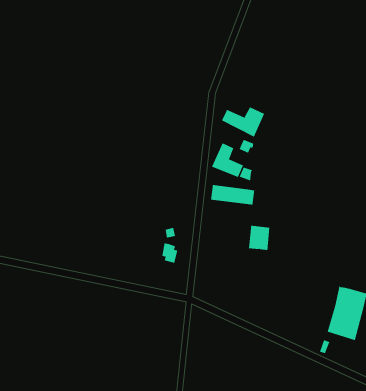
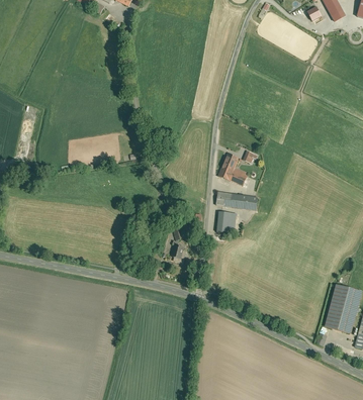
building: [221,107,265,137] -> none
building: [248,225,270,251] -> [217,211,238,234]

